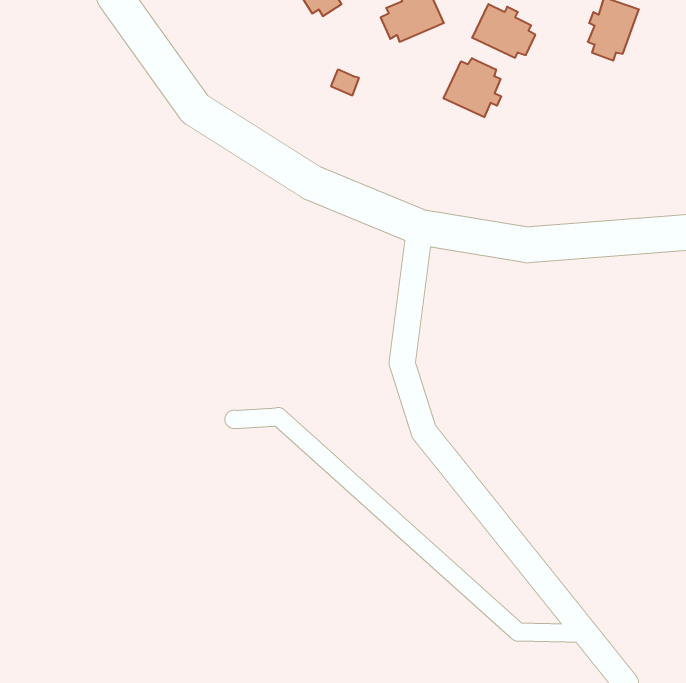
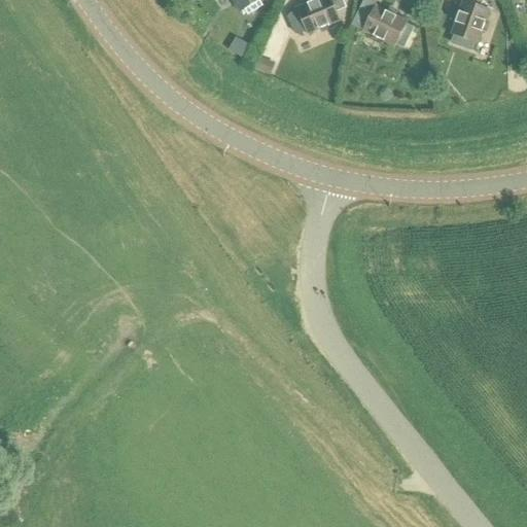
building: [444,58,501,117] -> none

